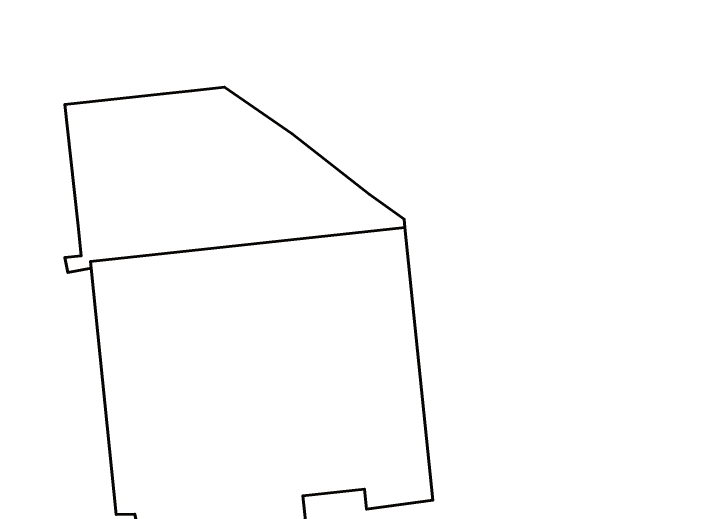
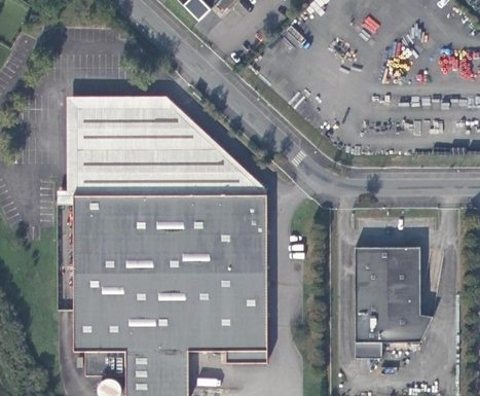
building: none -> [355,246,431,358]

